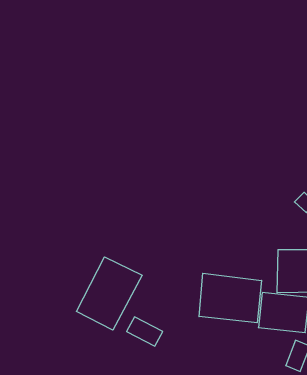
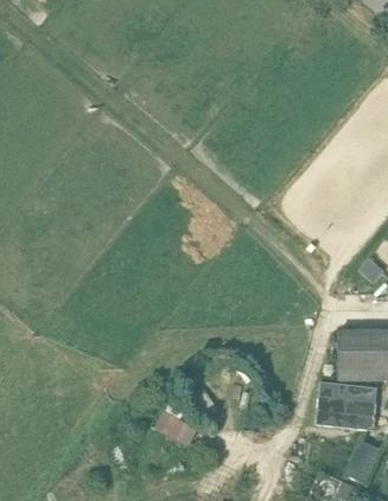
building: [76,257,142,330] -> none
building: [199,273,262,323] -> none

